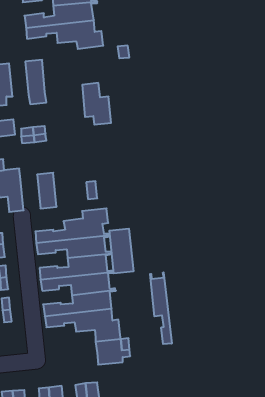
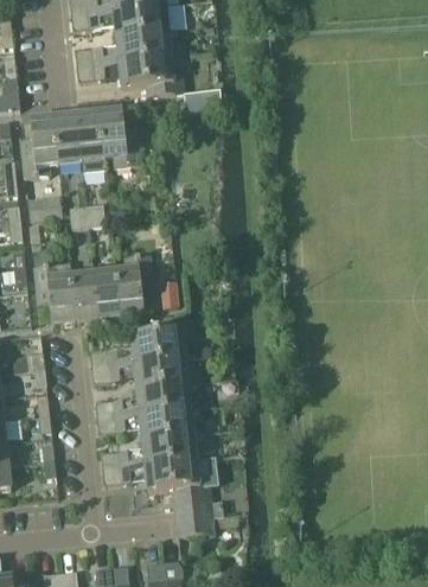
building: none -> [52,114,79,162]
building: [82,83,111,125] -> [98,109,139,167]
building: none -> [114,255,152,317]
building: none -> [68,272,96,321]
building: [109,229,133,273] -> none
building: [150,272,172,344] -> none

